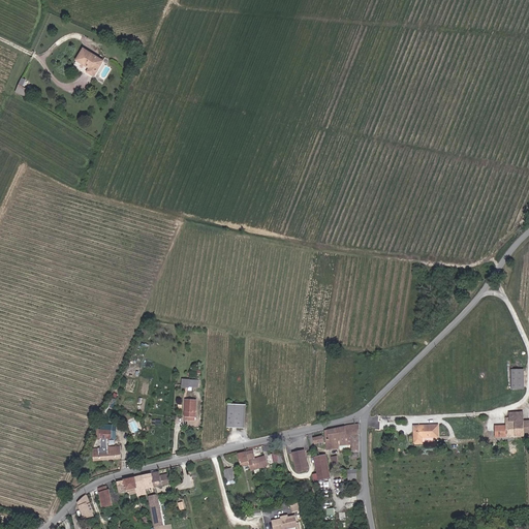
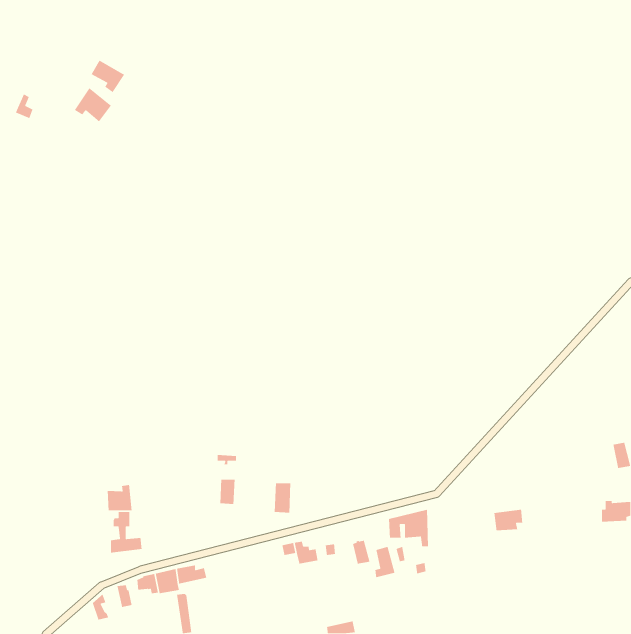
building: none -> [74,87,112,123]
building: none -> [107,484,133,511]

